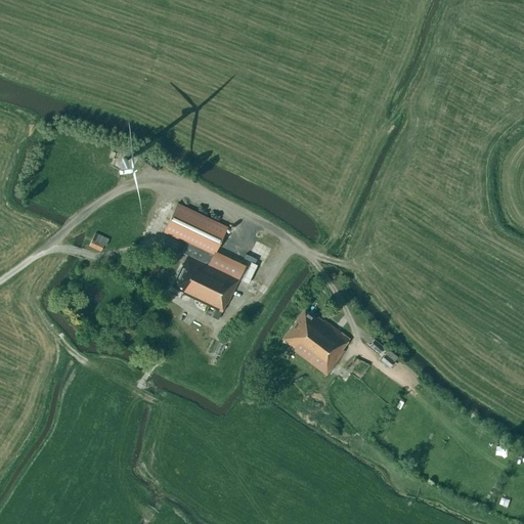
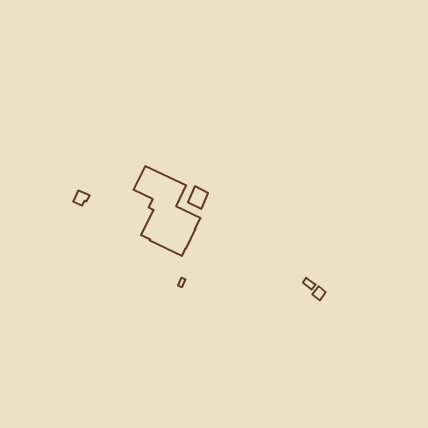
building: [282,308,350,375] -> none

